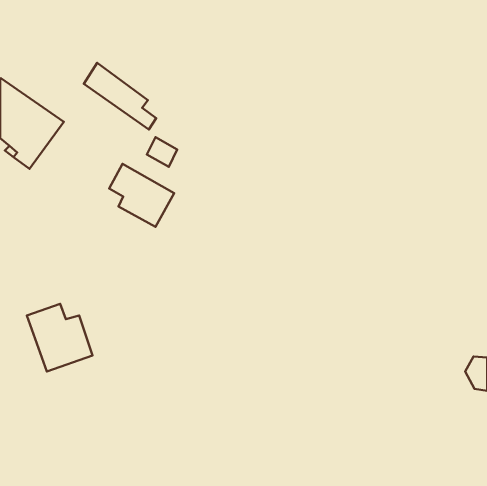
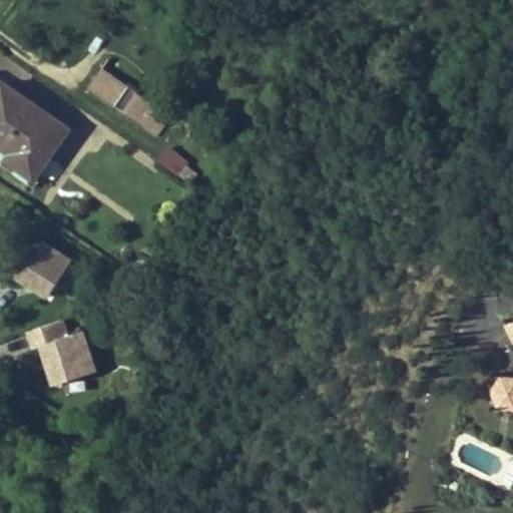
building: [109,164,174,227] -> none
building: none -> [11,238,72,303]

